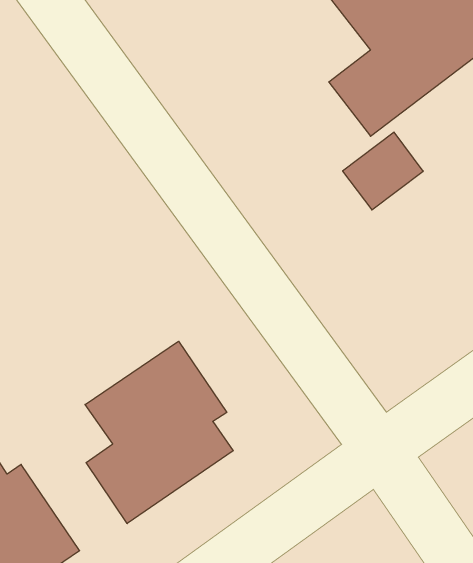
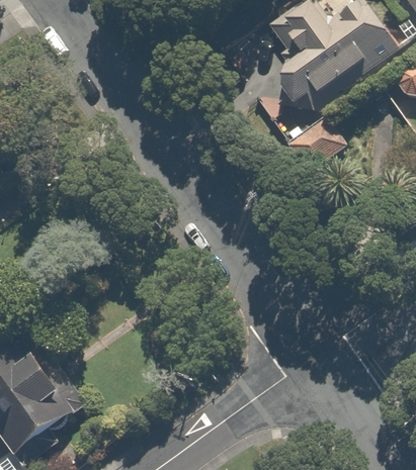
building: [85,341,233,524] -> none

